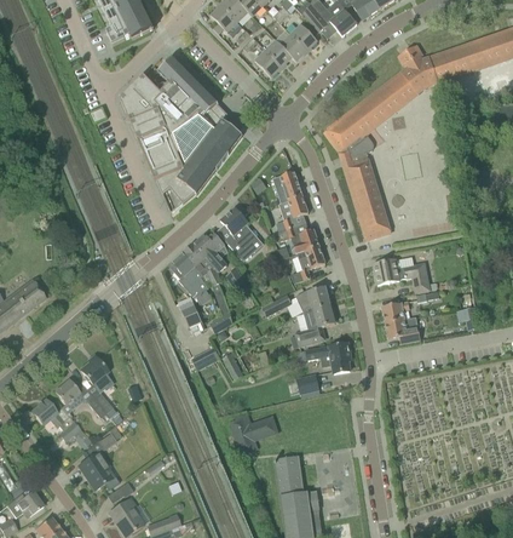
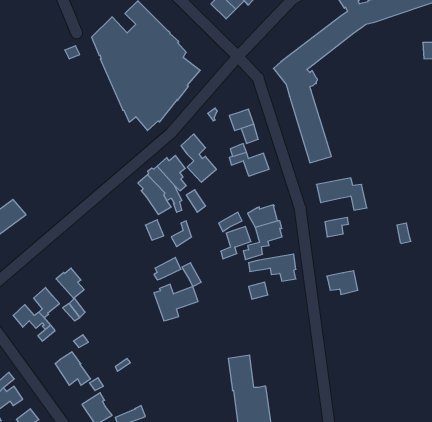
building: [292,246,325,282] -> [221,227,251,259]
building: [385,316,420,343] -> [327,271,358,294]
building: [229,412,278,453] -> [154,284,198,321]

